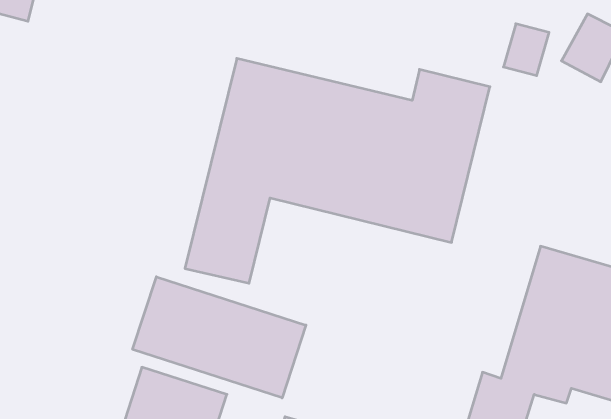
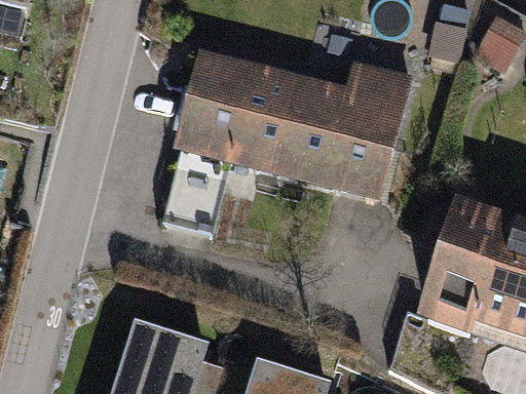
building: [133,277,306,398] -> none

